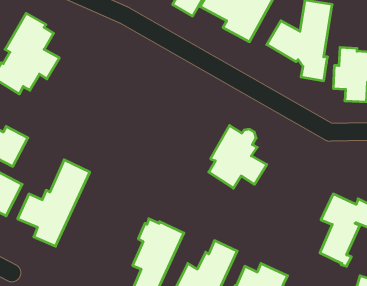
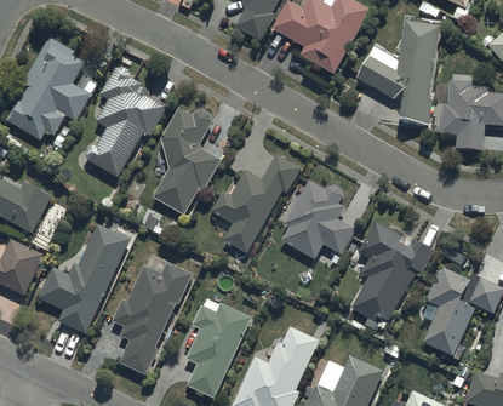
building: none -> [86,68,166,177]
building: none -> [153,108,221,215]
building: none -> [212,154,299,253]
building: none -> [349,222,433,321]
building: none -> [112,255,193,374]

